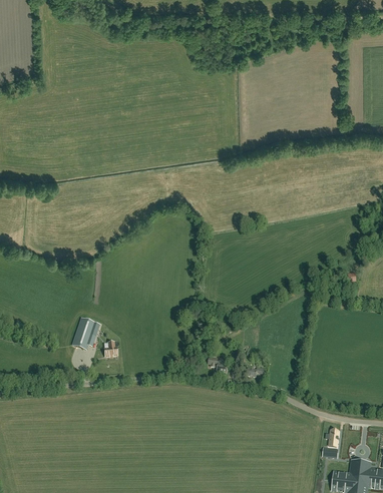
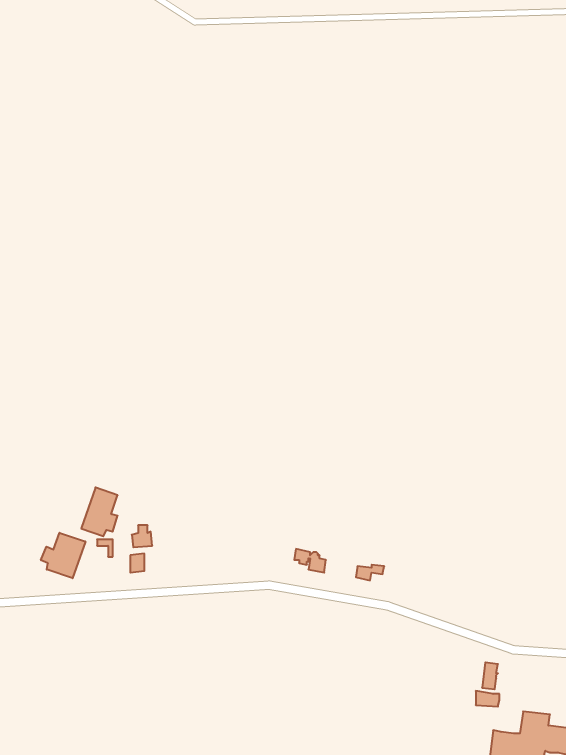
building: none -> [41,533,85,578]

